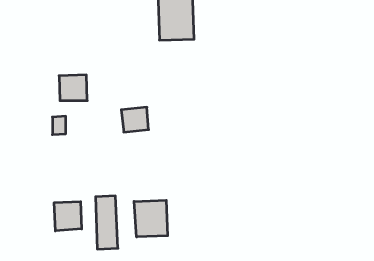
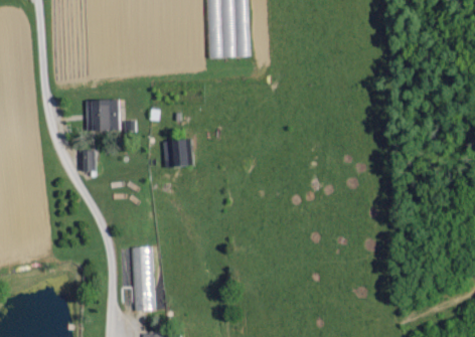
building: [134,200,168,237] -> none
building: [54,202,82,231] -> none

